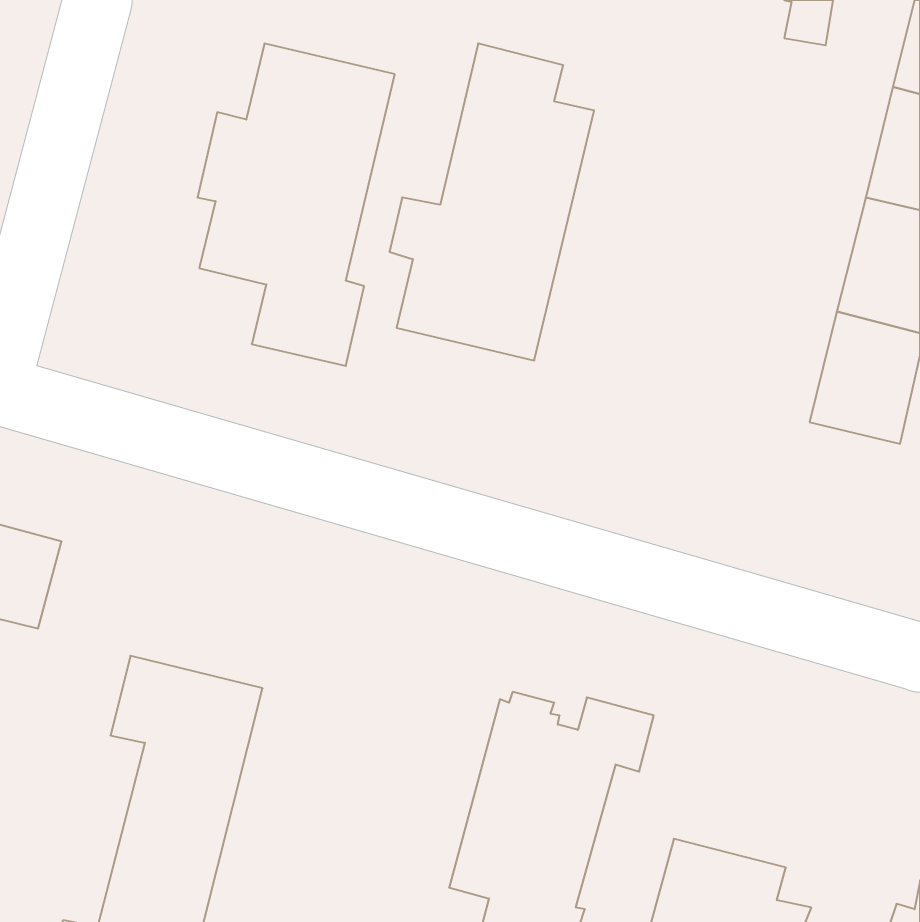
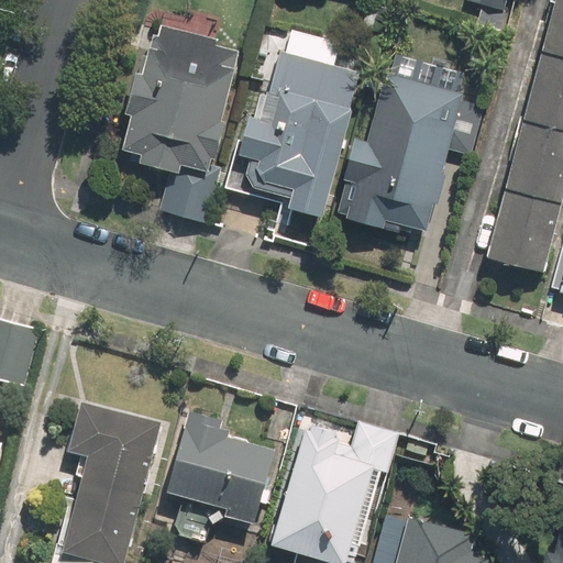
building: none -> [331,70,486,235]
building: none -> [167,409,274,541]

